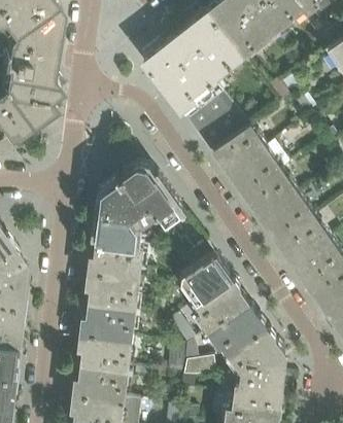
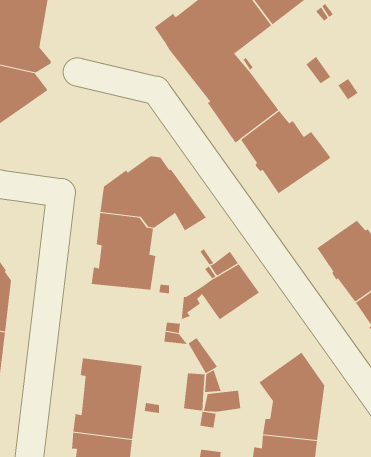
building: [247,171,313,245] -> none
building: [83,275,141,343] -> none
building: [196,282,267,357] -> none

